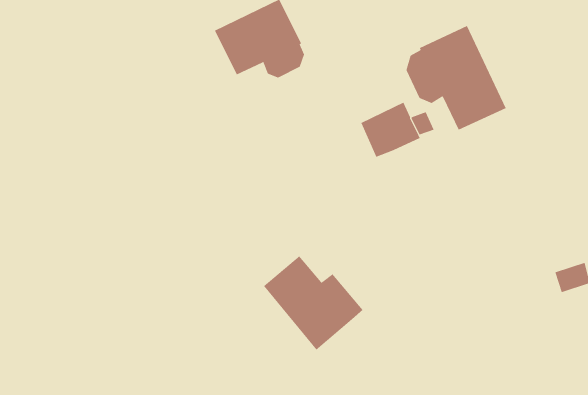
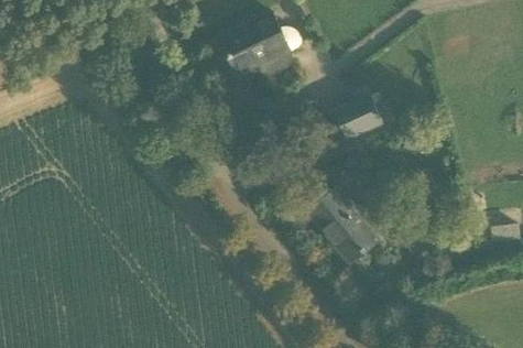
building: [406,25,506,130] -> none
building: [263,255,364,350] -> [310,191,390,265]

